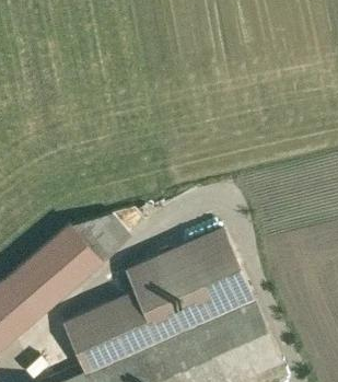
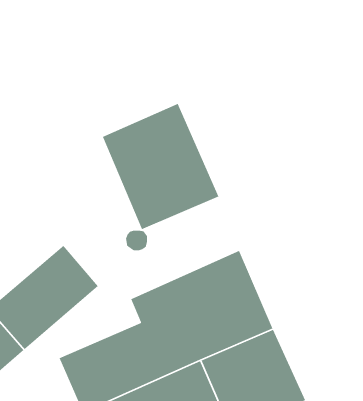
building: none -> [102,103,220,230]

